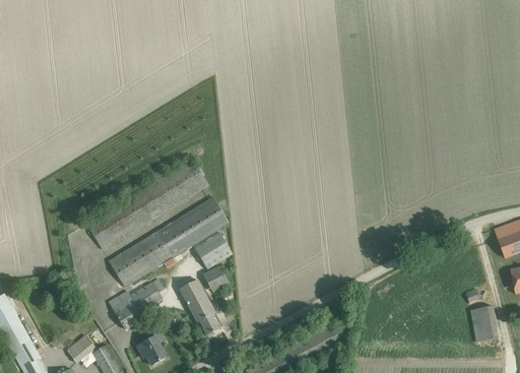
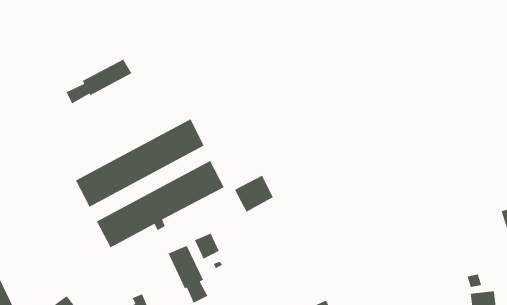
building: none -> [66,59,133,104]
building: [194,231,233,268] -> [234,174,274,213]
building: [109,277,162,327] -> none

